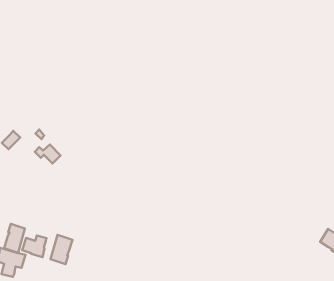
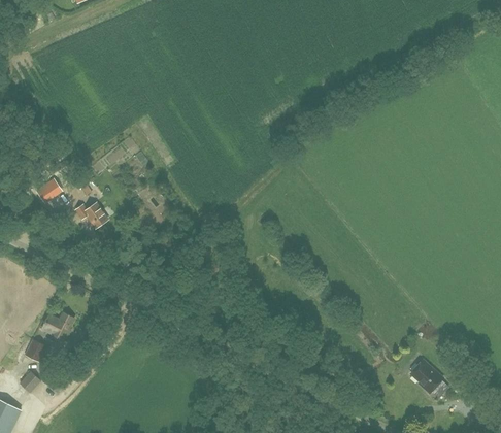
building: [4,224,25,253] -> none
building: [51,235,73,264] -> none

